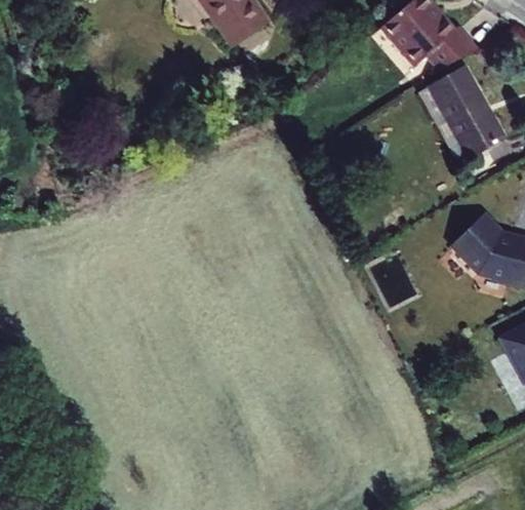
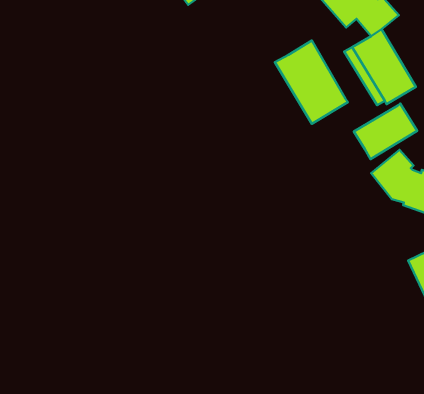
building: none -> [275,41,348,124]
building: none -> [354,104,417,159]

